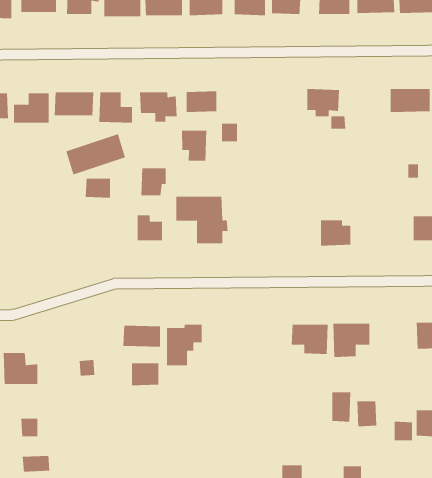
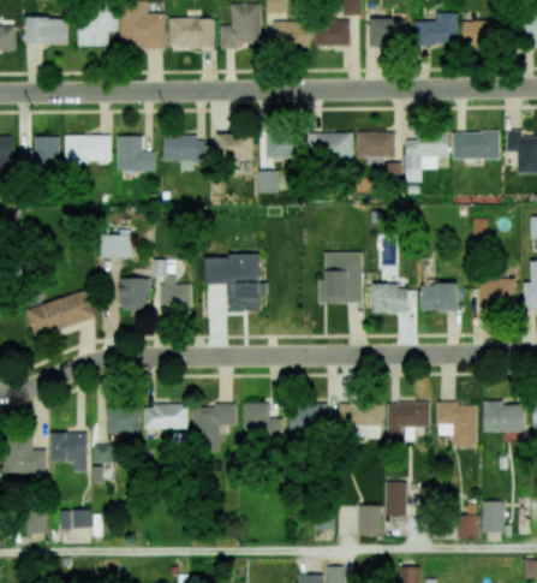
building: none -> [318,133,352,161]
building: none -> [264,135,298,160]
building: none -> [404,136,448,183]
building: [182,130,207,162] -> none
building: [66,133,126,175] -> [25,290,95,338]
building: [141,168,167,196] -> [119,279,149,311]
building: none -> [317,252,362,304]
building: none -> [419,284,458,313]
building: none -> [243,404,282,441]
building: none -> [290,404,326,434]
building: none -> [436,404,477,447]
building: none -> [49,433,86,472]
building: [131,363,159,386] -> [106,407,138,434]
building: [356,401,377,427] -> [357,506,381,536]
building: [22,455,50,472] -> [59,510,91,529]

